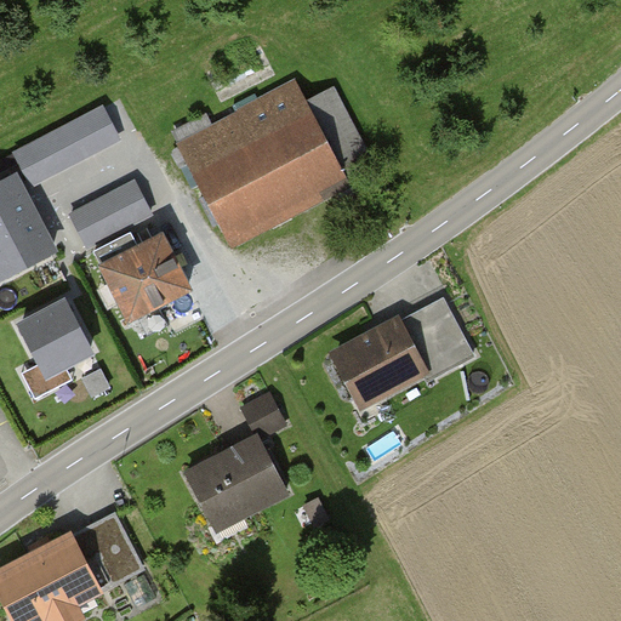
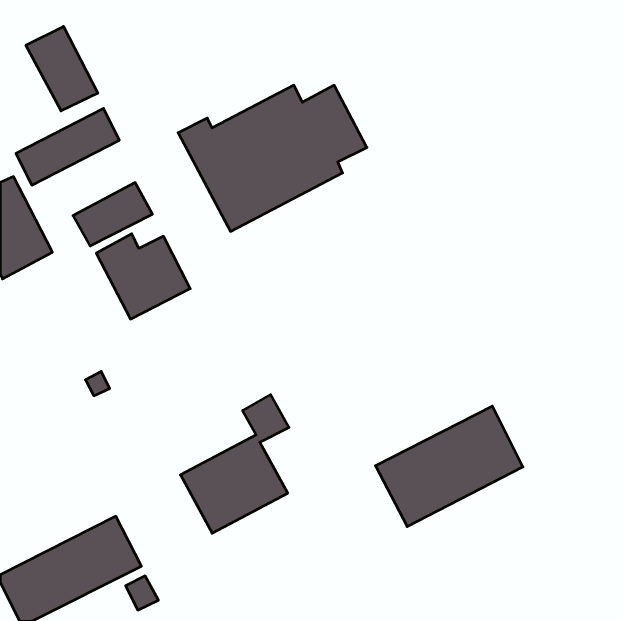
building: none -> [26,26,98,111]
building: [325,295,472,415] -> [375,406,523,527]
building: [22,302,91,372] -> none

